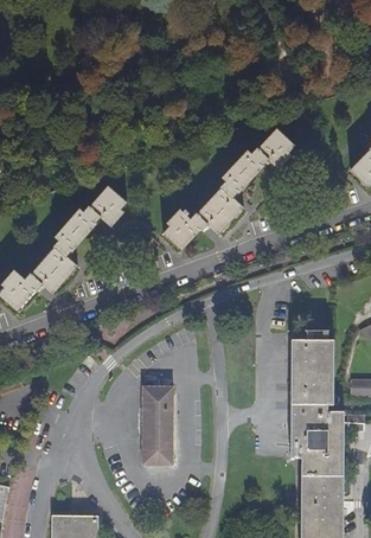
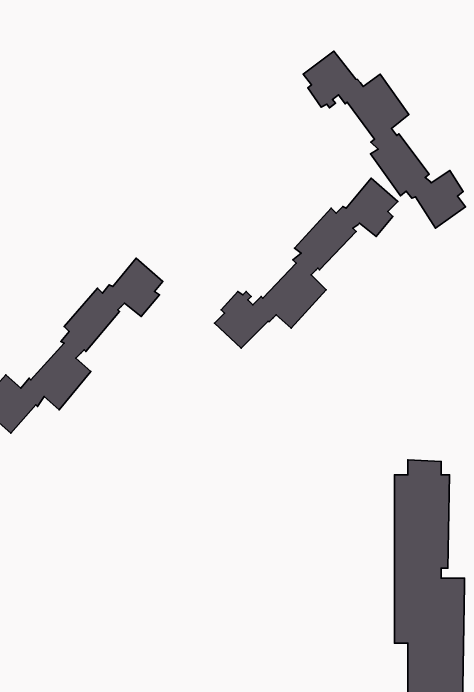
building: none -> [303,51,466,228]
building: [137,385,168,463] -> none

